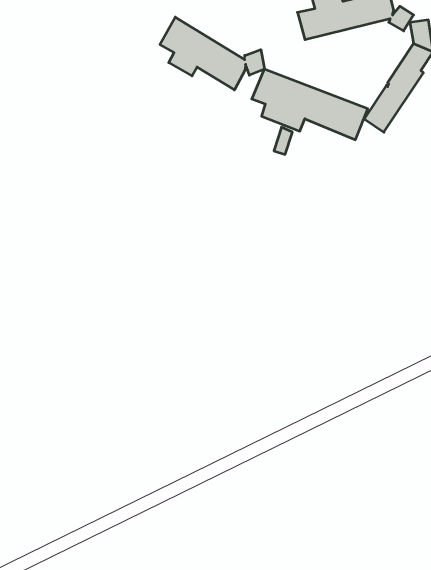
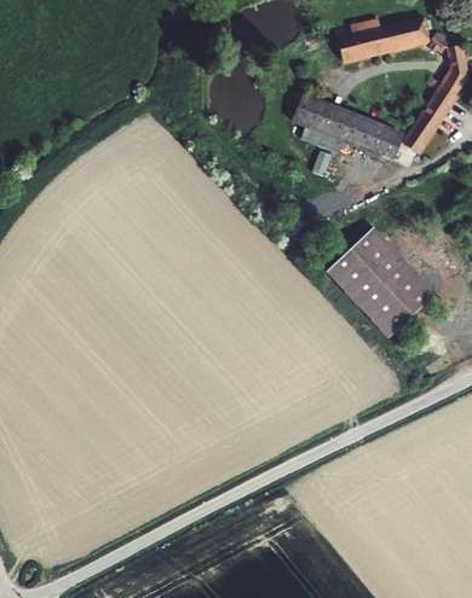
building: [160,17,264,90] -> none
building: none -> [328,227,438,338]

